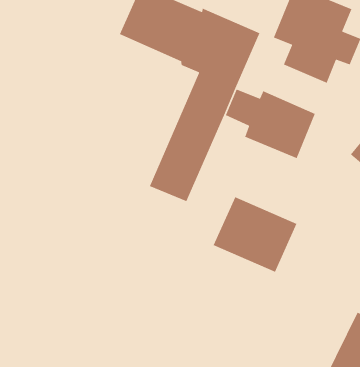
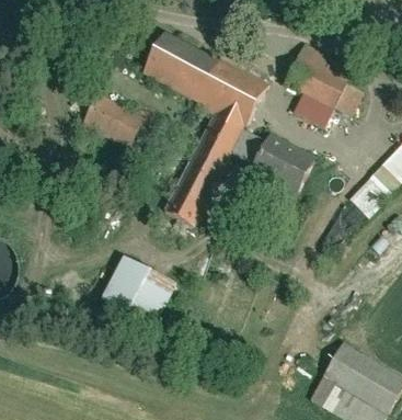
building: none -> [84,92,149,147]
building: [213,196,298,273] -> [99,257,177,329]

